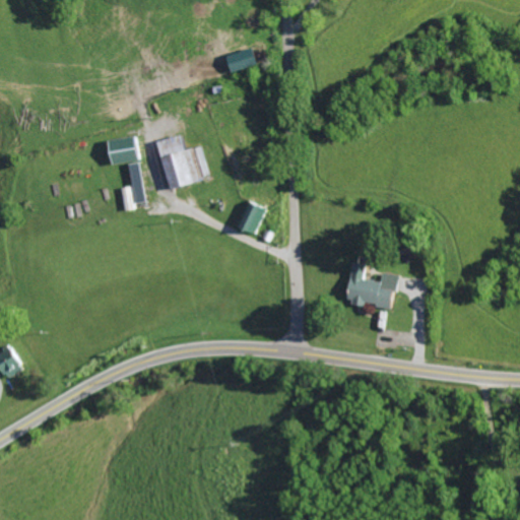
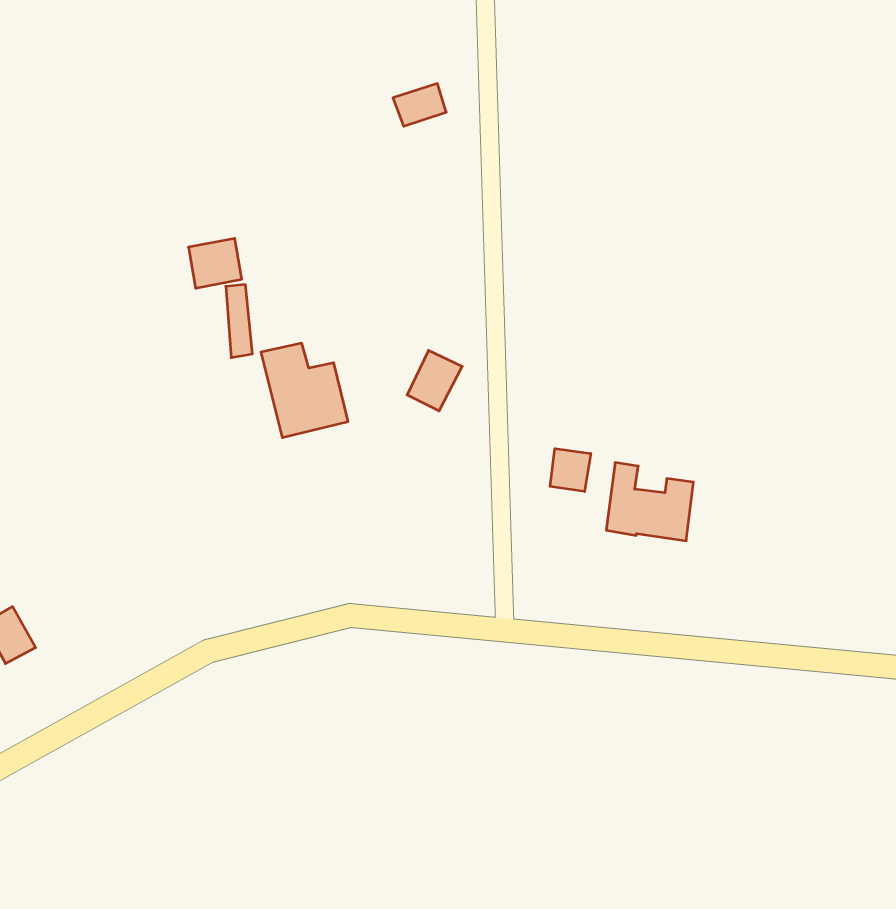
building: [157,135,207,189] -> [261,343,348,438]
building: none -> [550,449,591,492]

